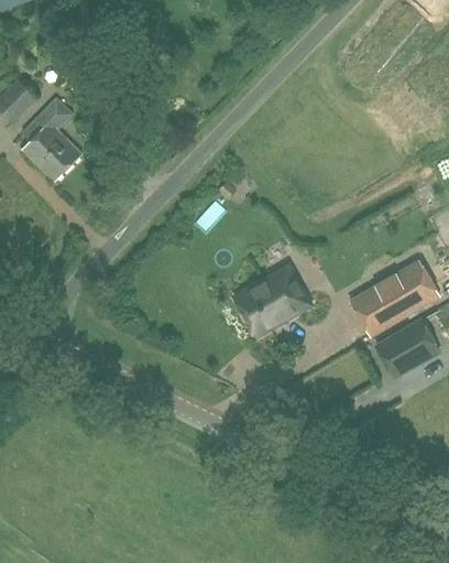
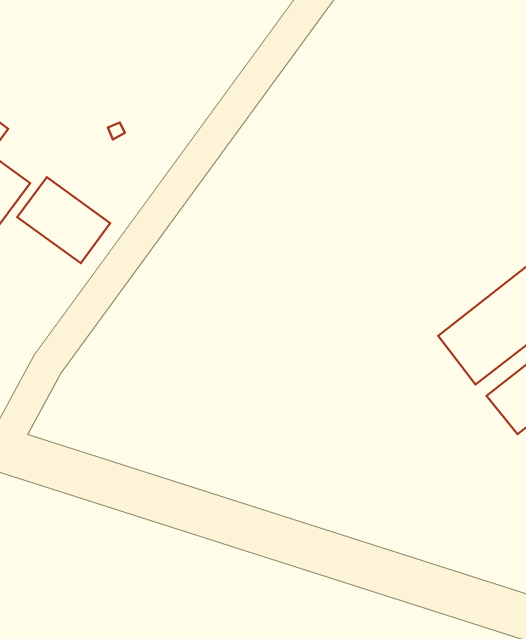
building: none -> [17,177,110,263]
building: [234,275,311,335] -> none

